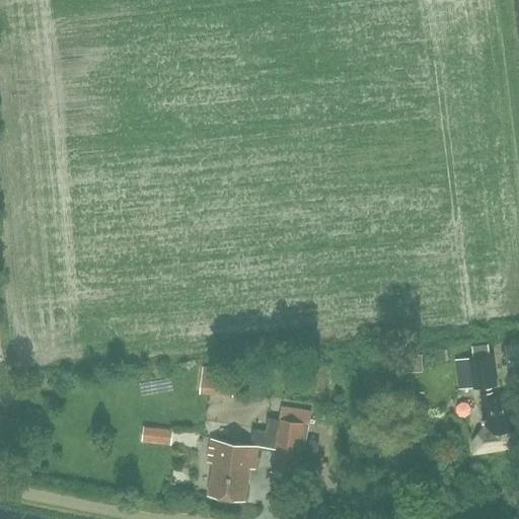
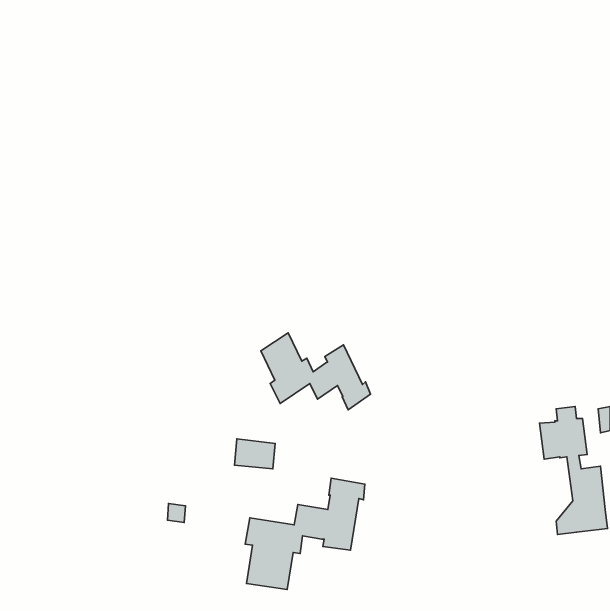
building: none -> [261,333,370,410]

